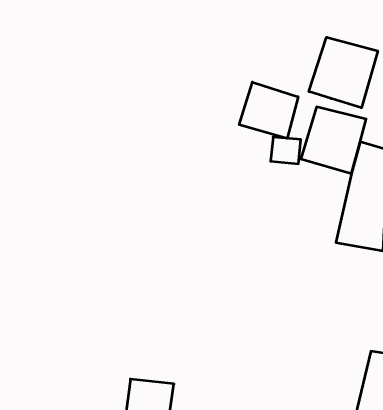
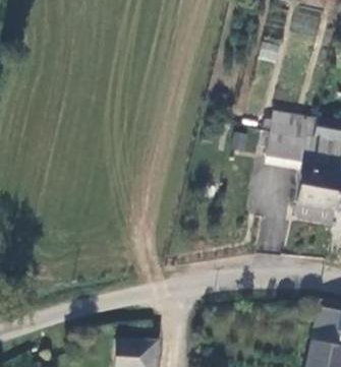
building: [309,37,378,108] -> none
building: [239,82,298,138] -> none

